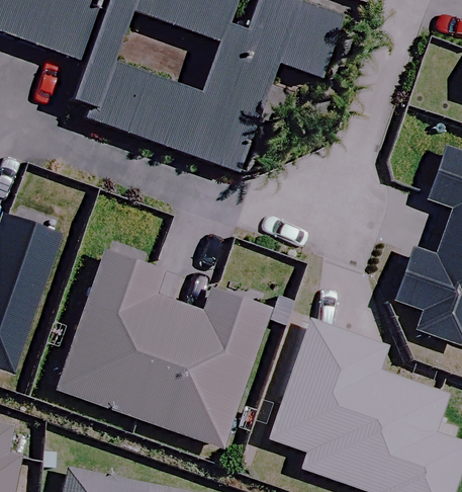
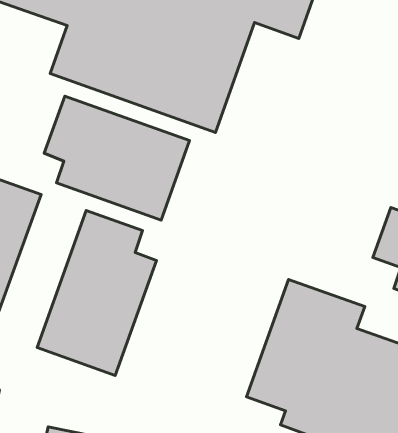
building: none -> [44,96,190,220]
building: [136,286,271,447] -> none

